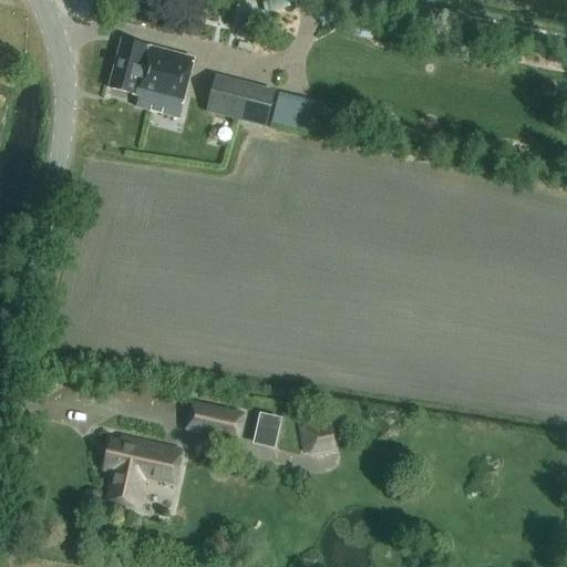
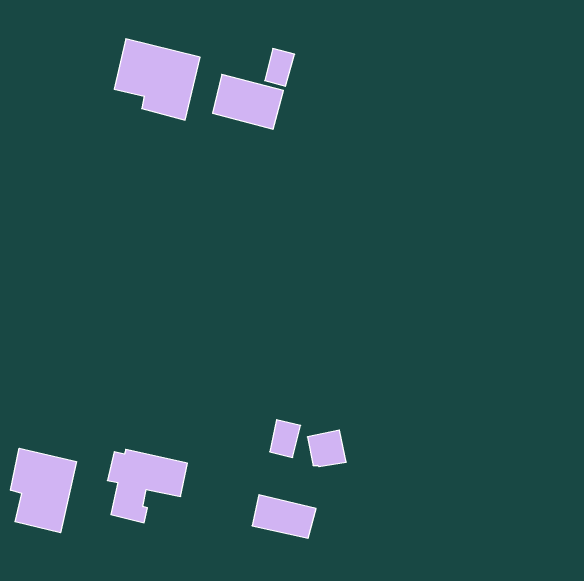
building: [271,90,300,126] -> [265,49,295,86]
building: [184,398,246,440] -> [252,495,316,538]
building: none -> [11,448,76,533]

